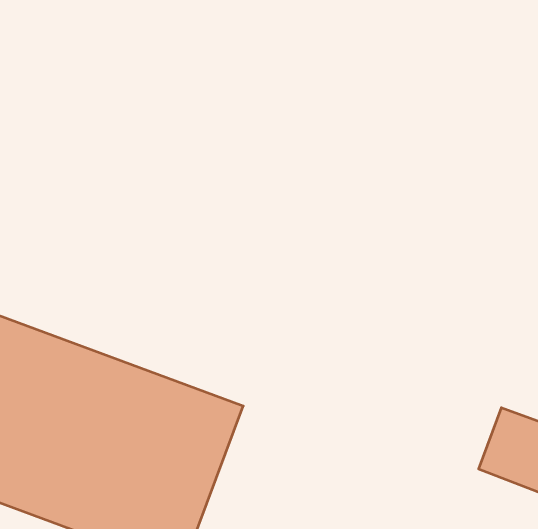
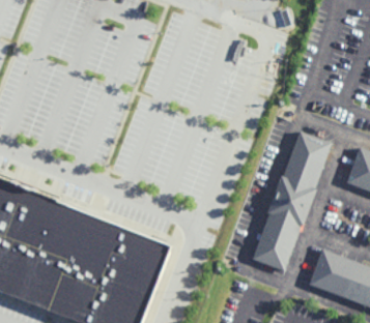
building: none -> [252,130,332,270]

